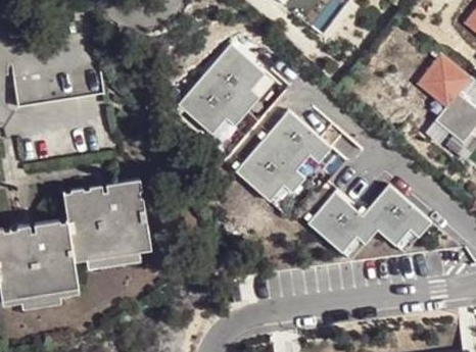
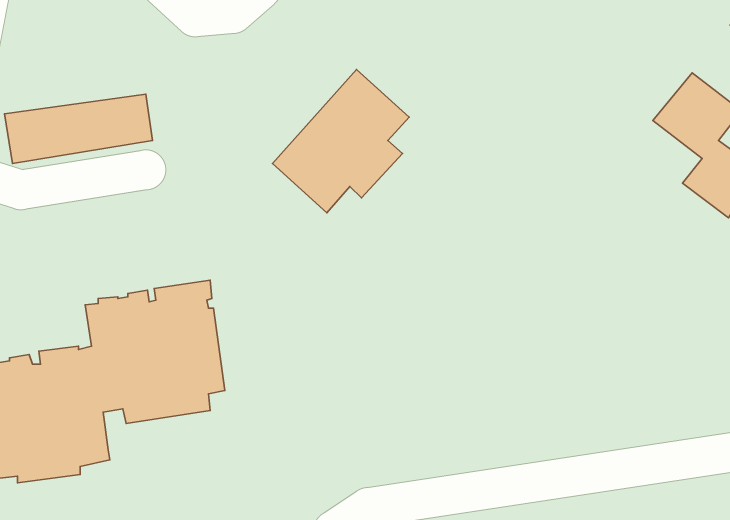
building: [234,110,334,205] -> none
building: [308,184,435,253] -> none

